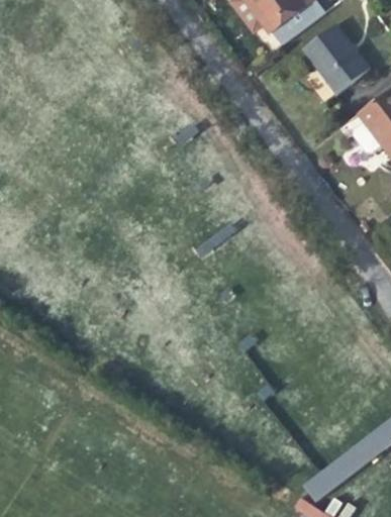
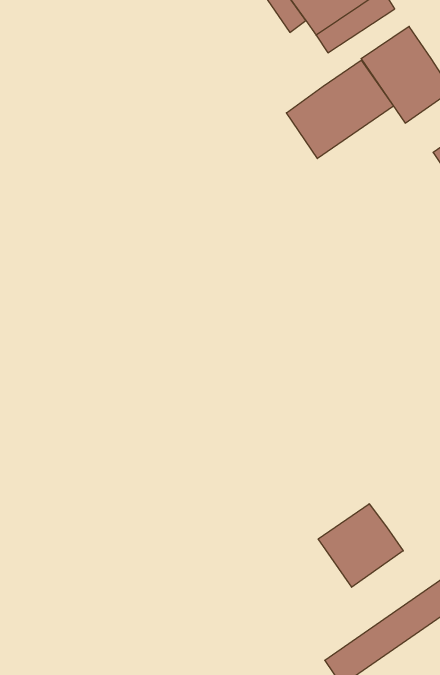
building: none -> [286,60,394,159]
building: none -> [318,504,403,587]

